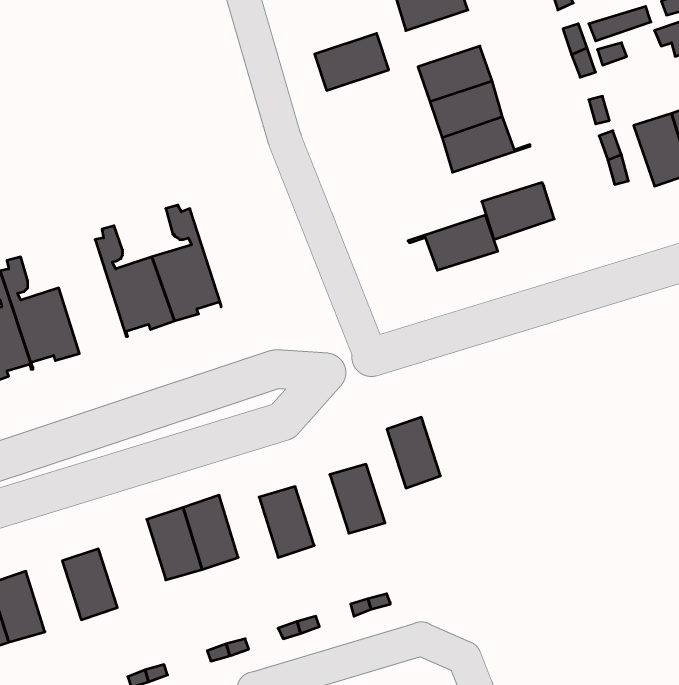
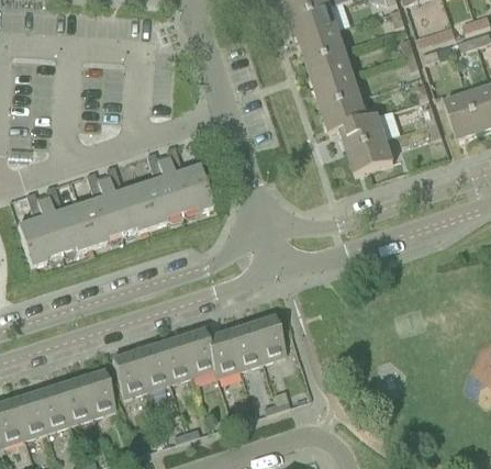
building: [315,33,389,90] -> [299,26,346,63]
building: none -> [161,144,212,214]
building: [408,215,498,270] -> [328,113,386,148]
building: none -> [78,170,121,245]
building: [387,417,440,488] -> [228,322,263,367]
building: none -> [180,328,217,376]
building: none -> [111,350,146,397]
building: none -> [57,377,92,422]

